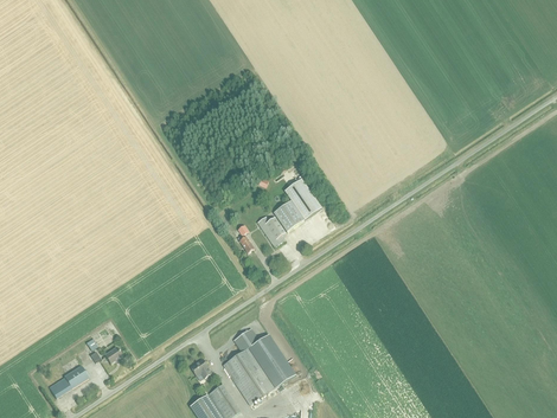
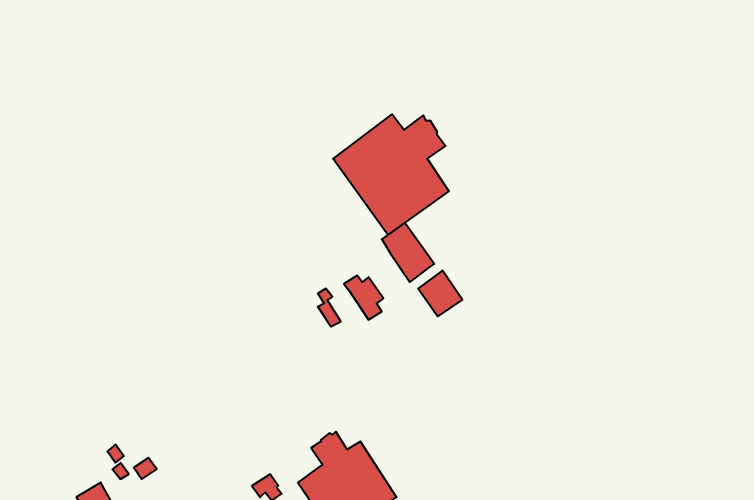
building: none -> [333,114,449,235]
building: [271,199,303,232] -> [418,270,462,316]

